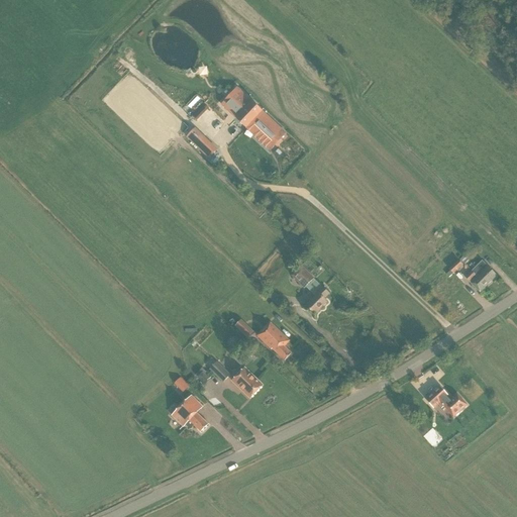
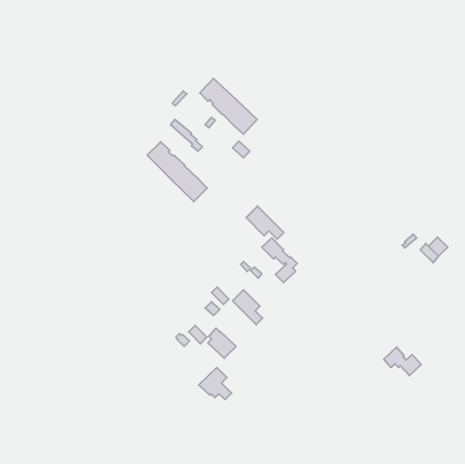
building: none -> [147,142,207,202]
building: none -> [246,206,284,239]
building: [171,395,207,430] -> [199,368,232,399]

